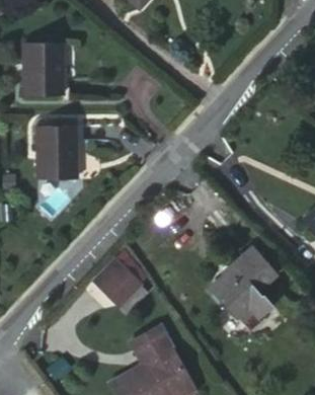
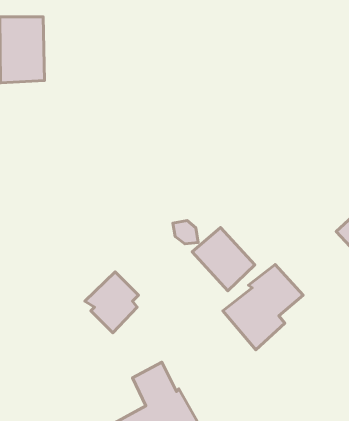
building: [38,126,76,179] -> none
building: none -> [192,227,255,291]

